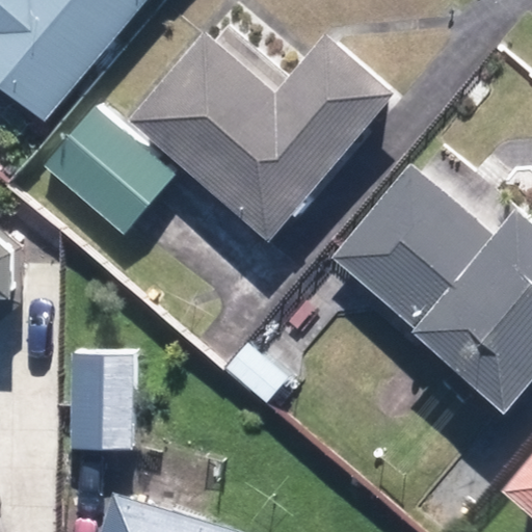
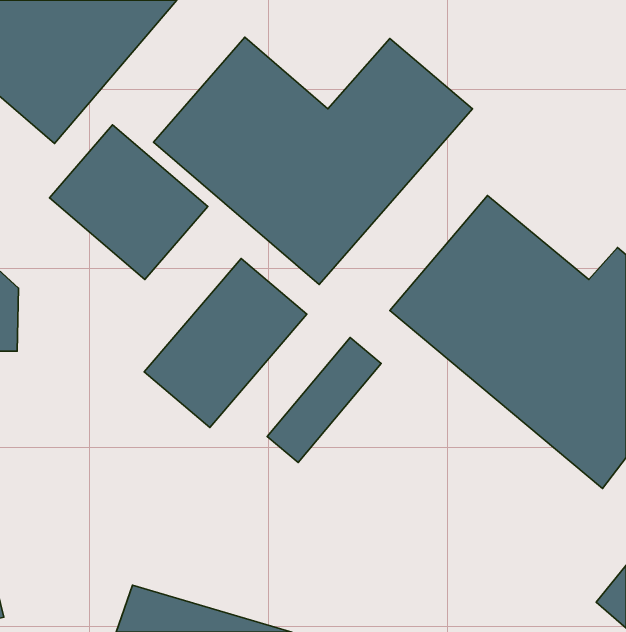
building: none -> [144,259,307,427]
building: [70,352,138,448] -> none

